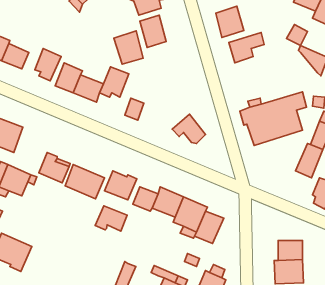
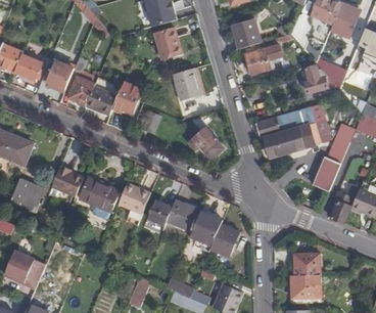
building: [114,31,143,64] -> [172,68,201,101]
building: none -> [304,64,334,93]
building: [95,206,127,231] -> none

